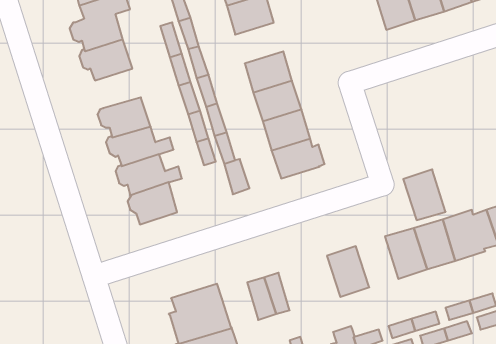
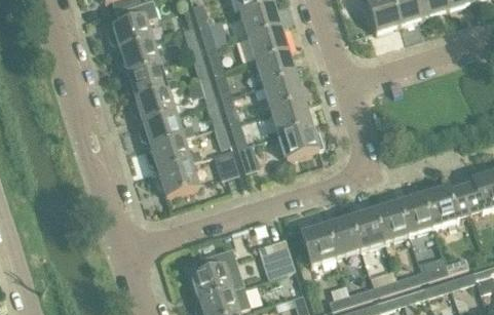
building: none -> [246,26,288,61]
building: none -> [121,65,178,99]
building: none -> [213,148,239,179]
building: [403,169,446,220] -> [349,207,385,250]
building: none -> [300,224,336,266]

